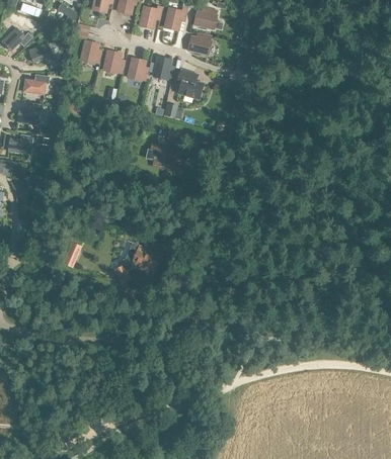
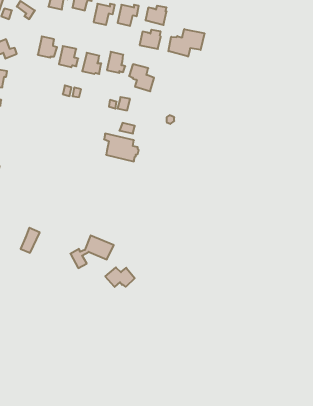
building: none -> [168,29,204,57]
building: none -> [105,267,135,287]

